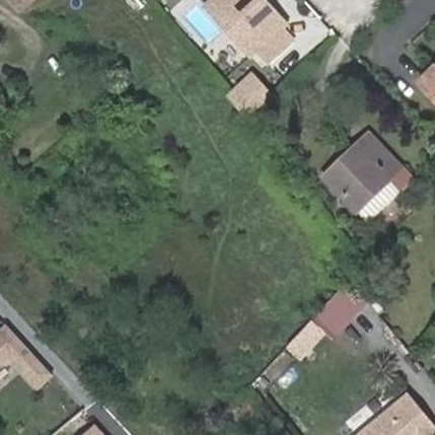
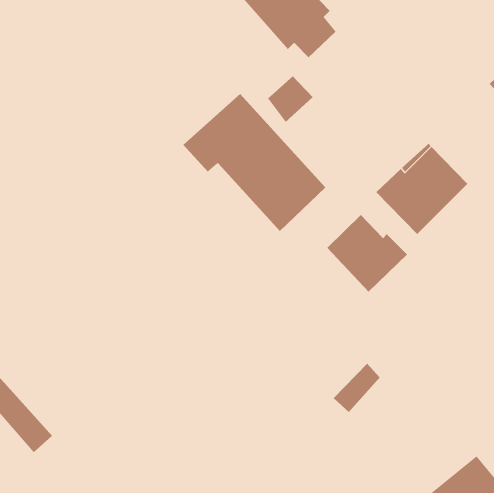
building: none -> [182,93,326,232]
building: none -> [326,214,408,293]

